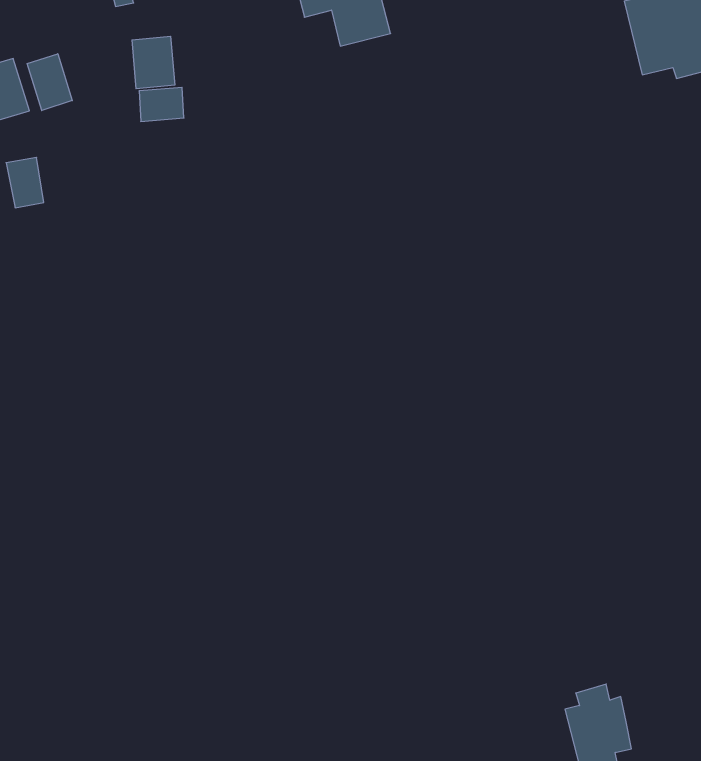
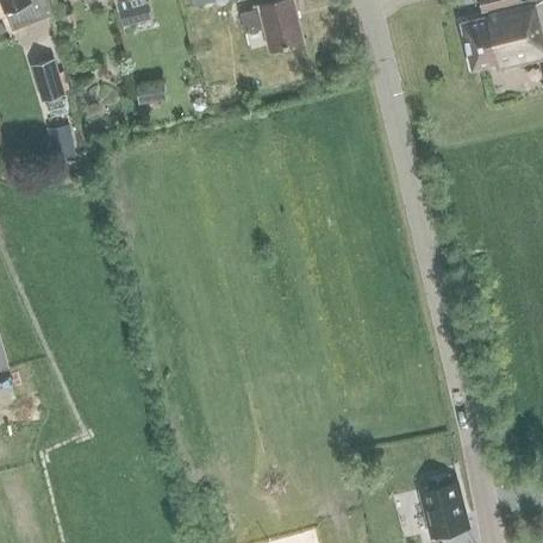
building: [132,36,175,89] -> none
building: [27,54,72,111] -> none

